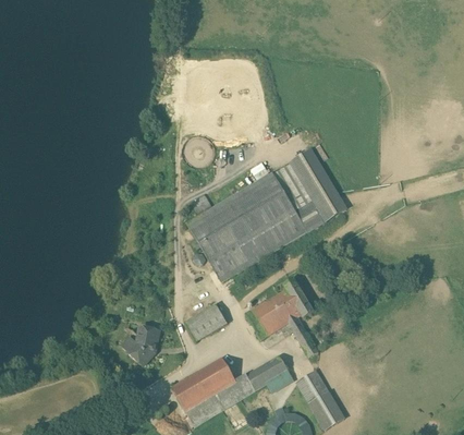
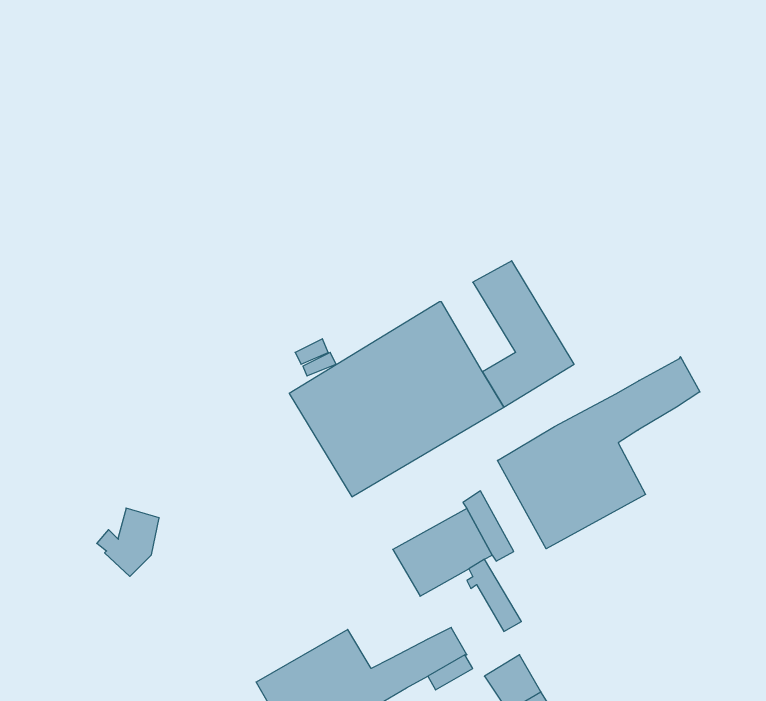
building: [273,162,315,213] -> none
building: none -> [497,357,700,549]
building: [184,304,227,340] -> none
building: [124,325,159,363] -> [97,508,159,576]

